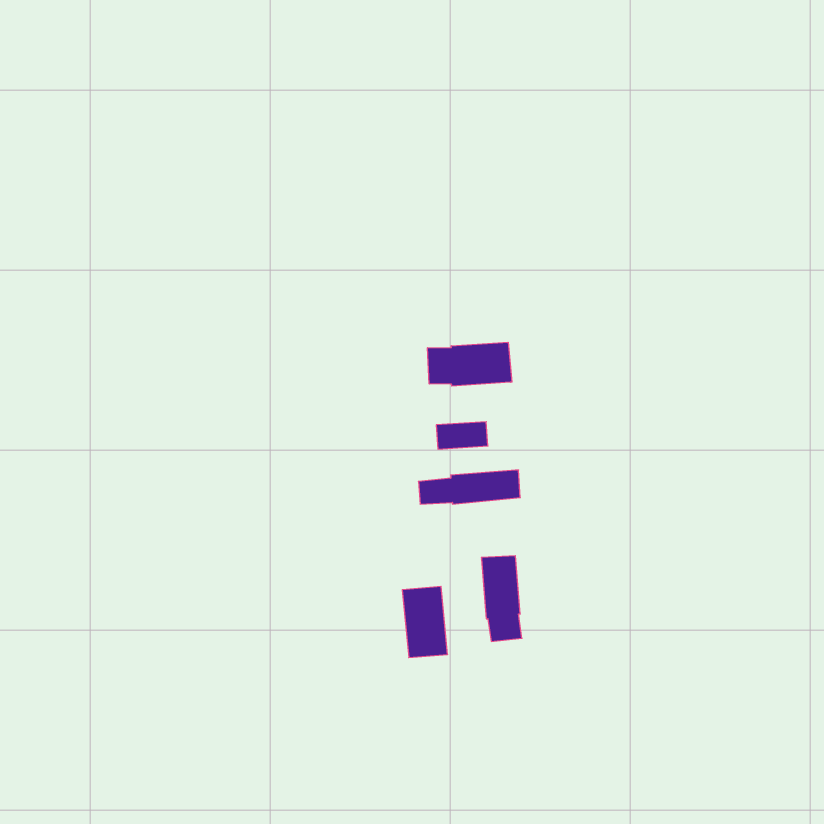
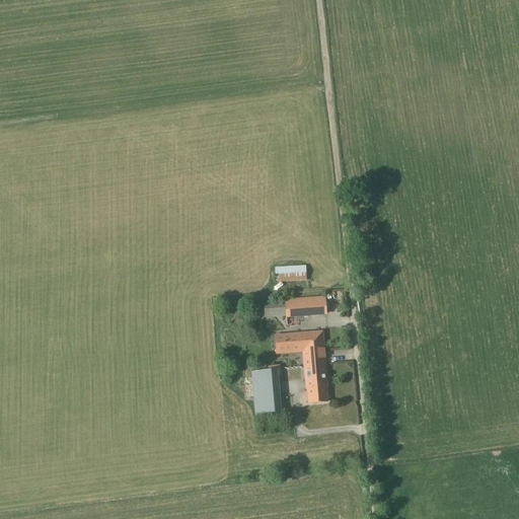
building: [428,342,512,386] -> none
building: none -> [276,330,324,353]

